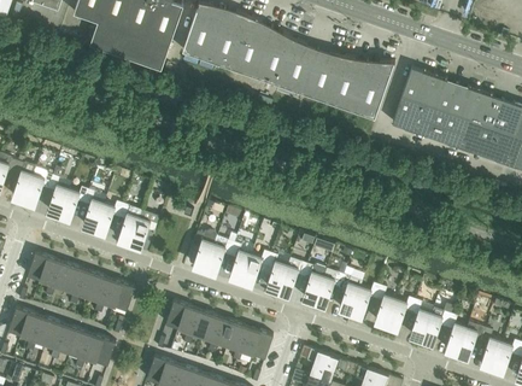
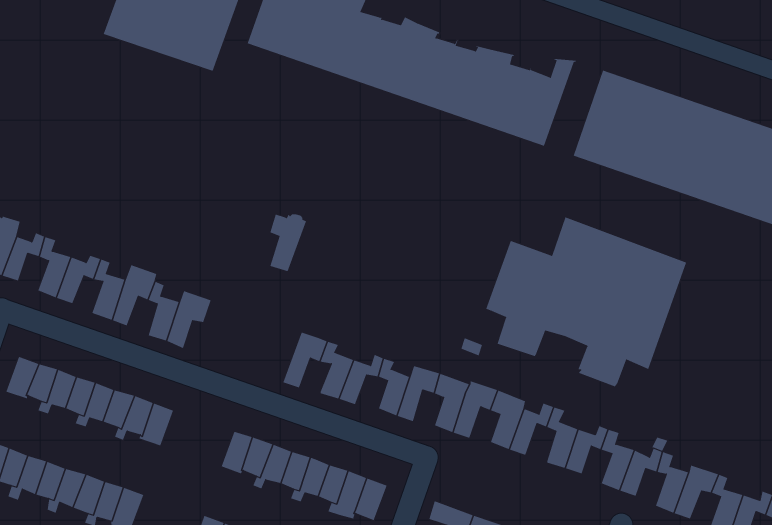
building: none -> [485,216,687,387]
building: [193,233,217,270] -> [270,214,307,272]

